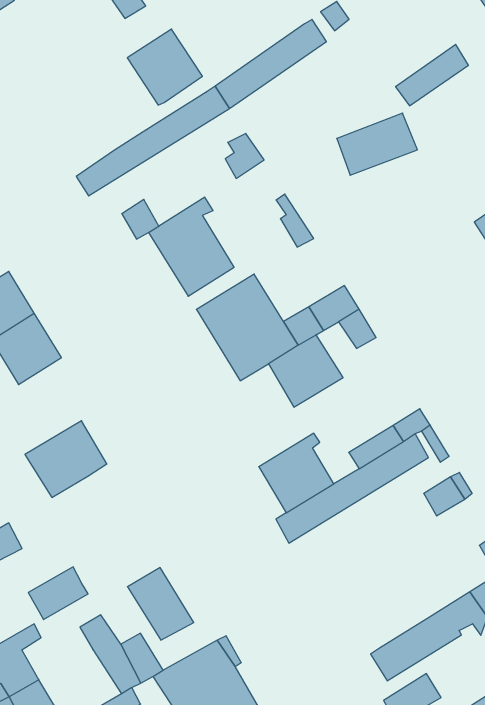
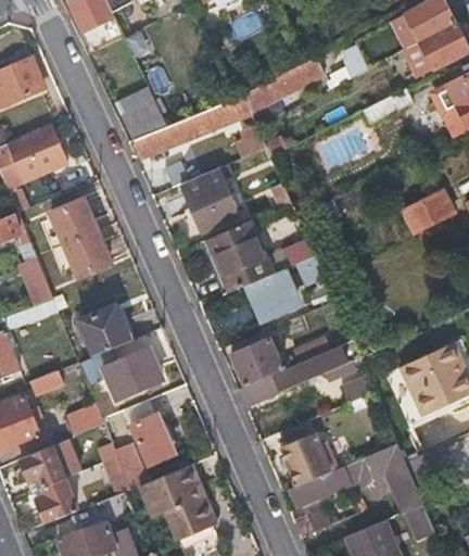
building: [127,29,202,105] -> [117,92,166,142]
building: none -> [79,344,163,396]
building: none -> [281,421,332,488]

